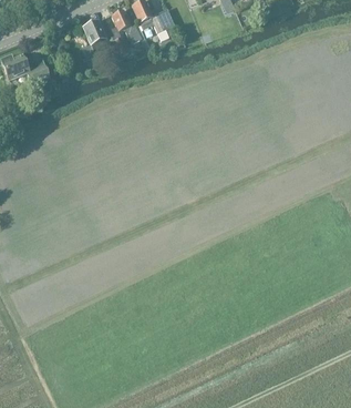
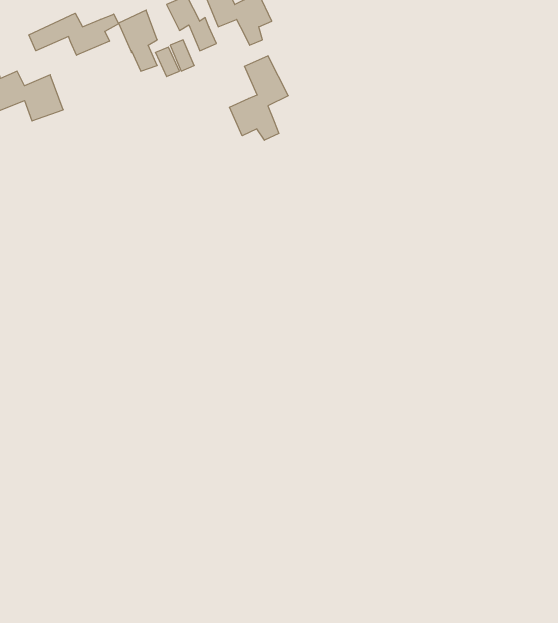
building: none -> [29,13,118,55]
building: none -> [230,56,288,140]

